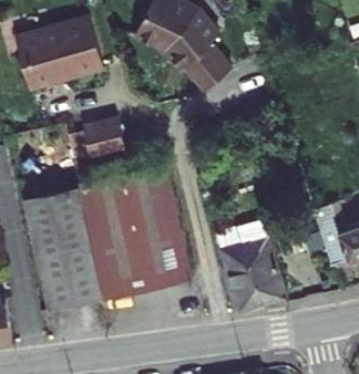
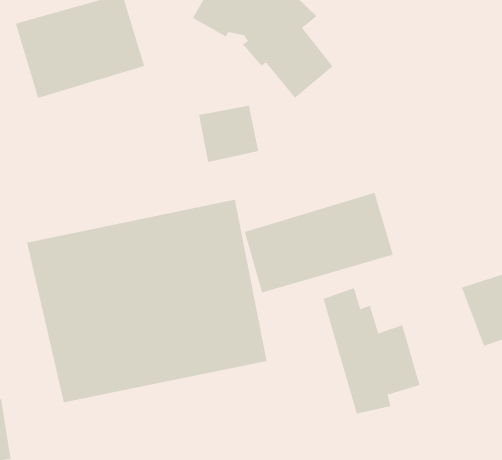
building: [83,121,125,160] -> [198,105,259,163]
building: none -> [244,192,394,294]

